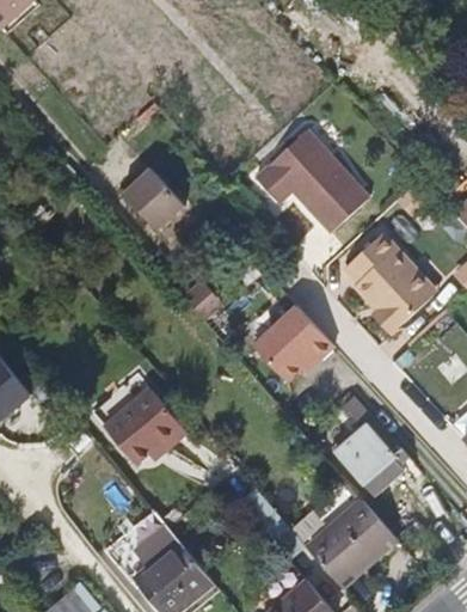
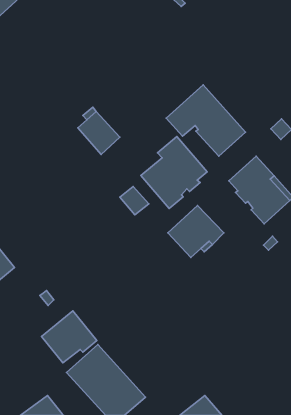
building: none -> [141,137,207,208]
building: [106,391,186,466] -> [42,311,97,363]
building: [333,422,407,492] -> none
building: [306,497,395,583] -> none

